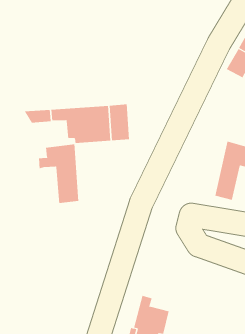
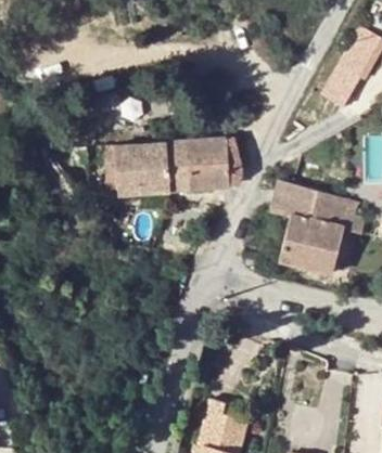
building: none -> [190,139,245,190]
building: none -> [269,181,323,266]
building: [38,143,79,204] -> none

